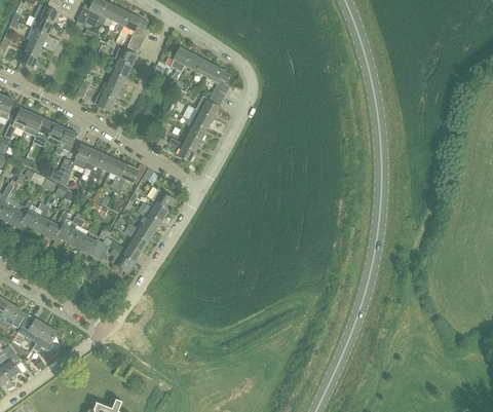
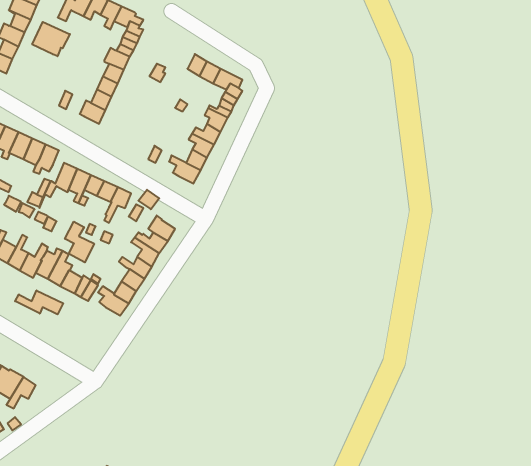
building: none -> [32,22,70,56]
building: [167,47,190,83] -> none
building: none -> [65,222,94,262]
building: none -> [15,290,63,314]

